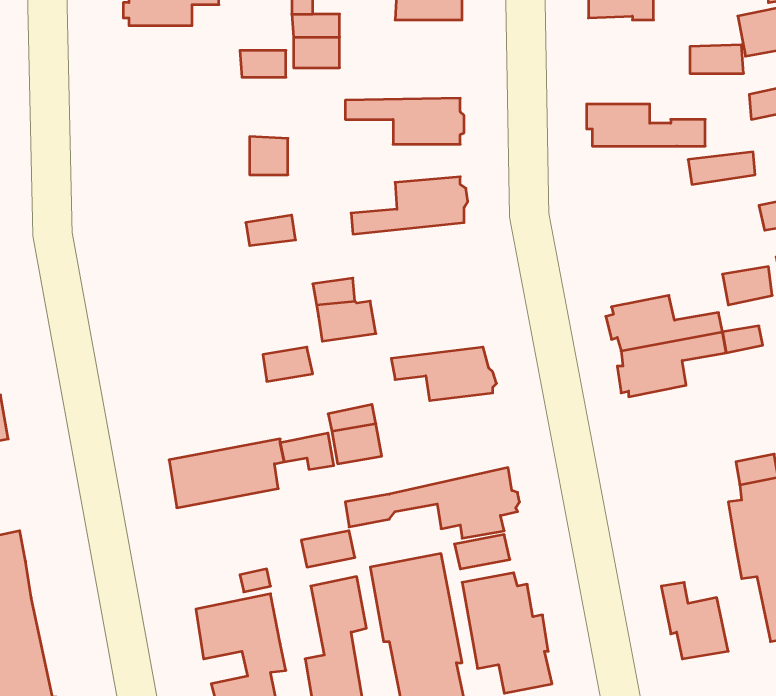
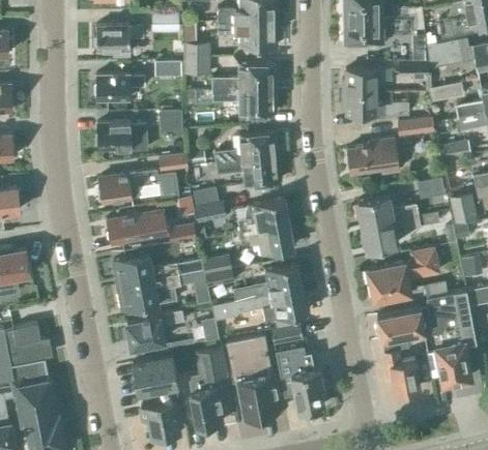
building: none -> [212,65,277,91]
building: none -> [342,70,389,93]
building: none -> [92,76,143,101]
building: none -> [93,121,148,151]
building: none -> [346,140,397,174]
building: none -> [217,157,282,185]
building: none -> [98,171,177,203]
building: none -> [236,200,287,231]
building: none -> [106,209,165,244]
building: none -> [365,249,437,301]
building: none -> [112,256,177,286]
building: none -> [233,265,300,304]
building: none -> [376,308,424,341]
building: none -> [124,310,182,348]

